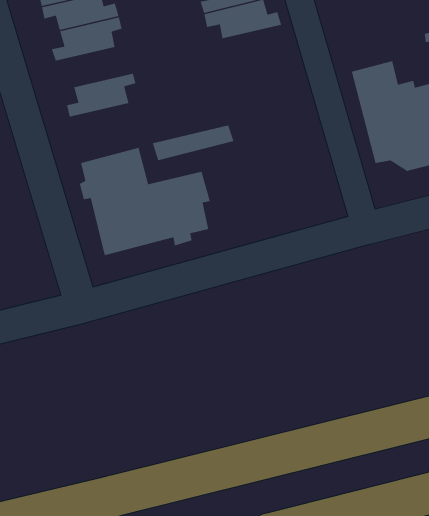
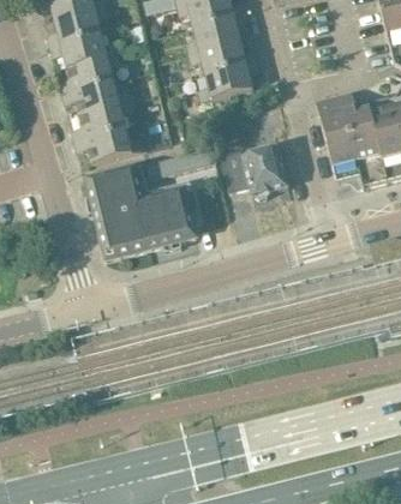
building: none -> [199,60,259,100]
building: none -> [62,79,130,113]
building: none -> [74,127,142,161]
building: none -> [220,144,288,196]

